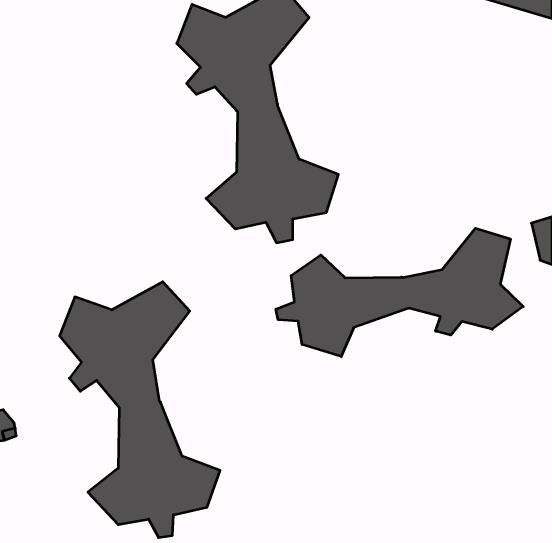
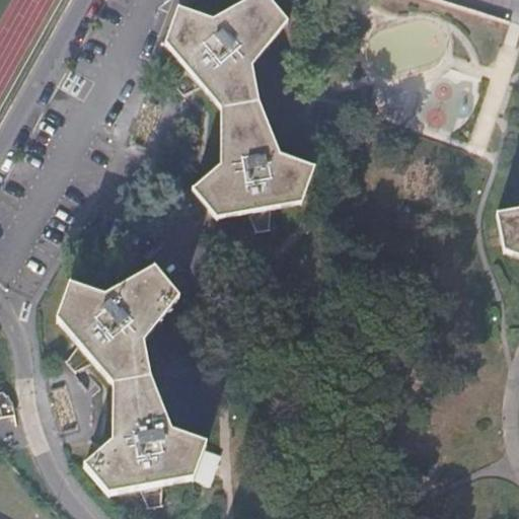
building: [276,228,523,357] -> none

